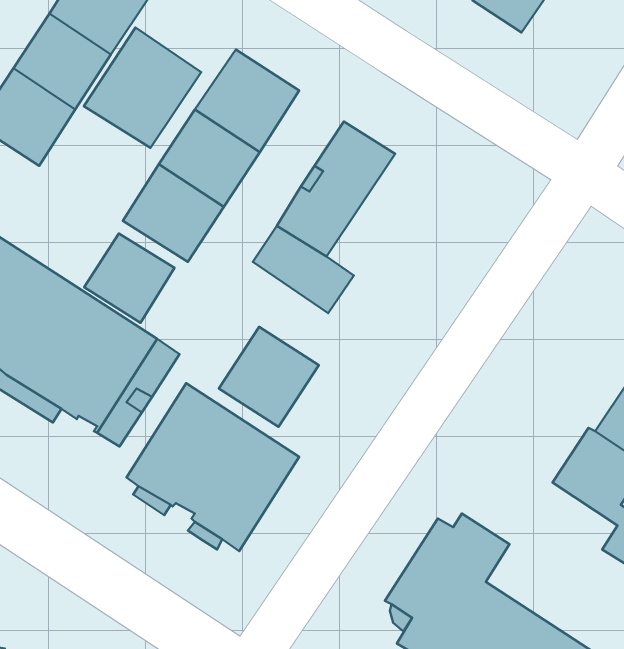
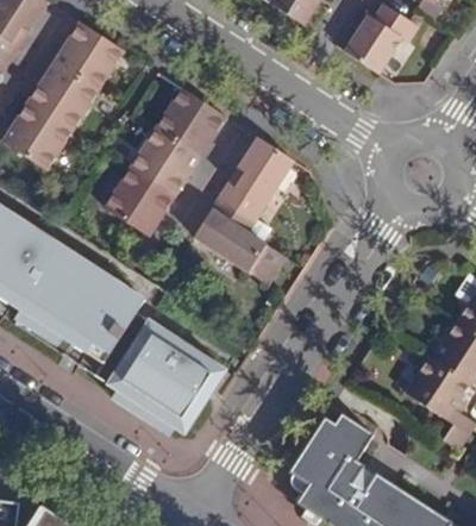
building: [84,27,201,148] -> none
building: [84,234,174,323] -> none
building: [219,327,319,427] -> none

